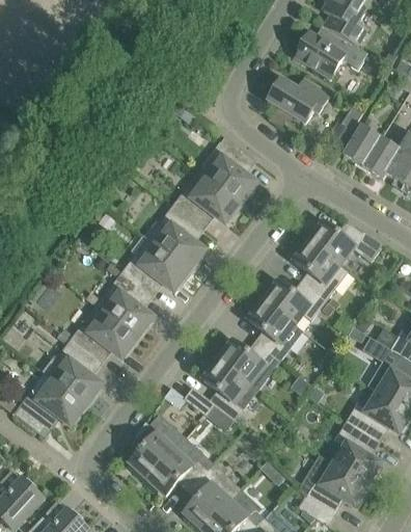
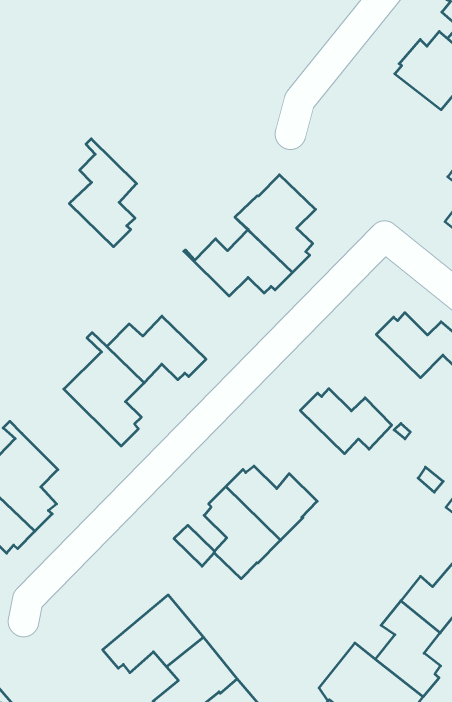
building: [267,76,331,123] -> none
building: [157,197,203,270] -> [69,139,137,247]
building: [294,238,348,299] -> none
building: [249,297,303,358] -> none
building: [61,303,140,360] -> none
building: [130,413,186,480] -> none

